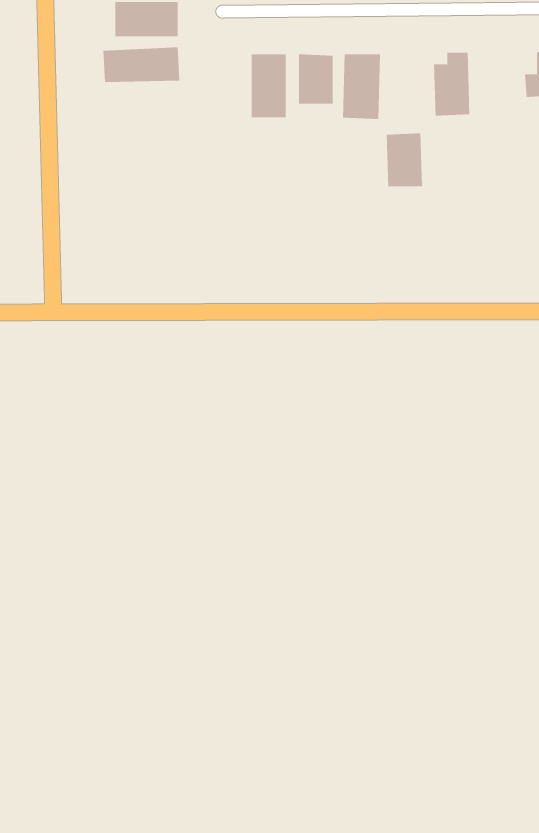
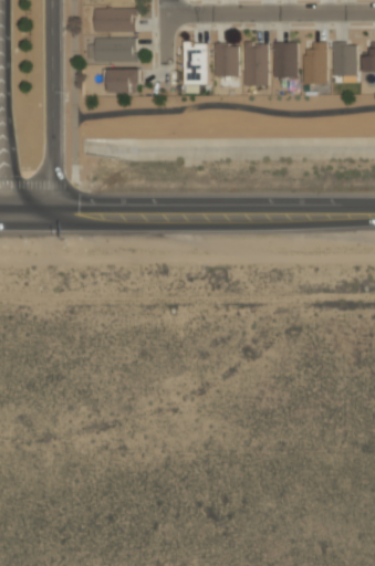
building: none -> [332,42,357,75]
building: none -> [103,67,138,92]
building: [386,133,423,187] -> [273,41,298,76]

